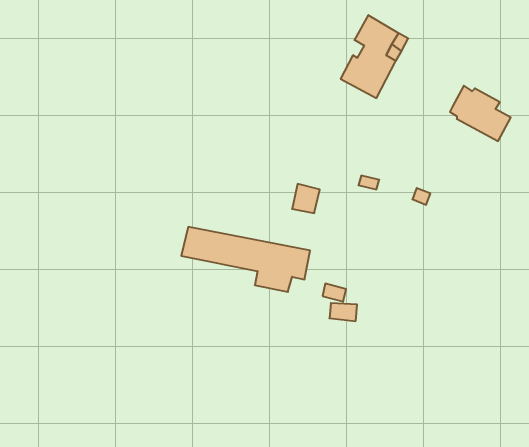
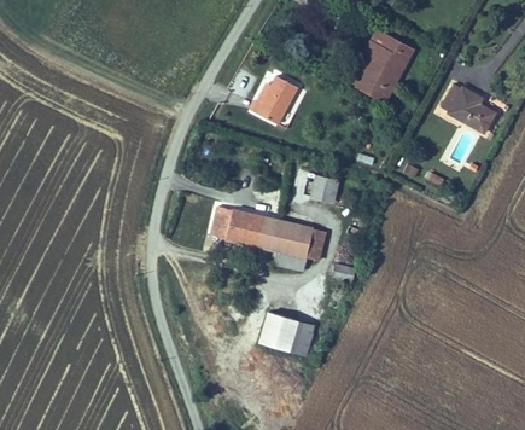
building: none -> [247,76,293,126]
building: none -> [264,308,316,350]

